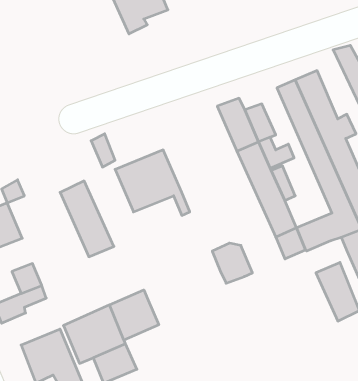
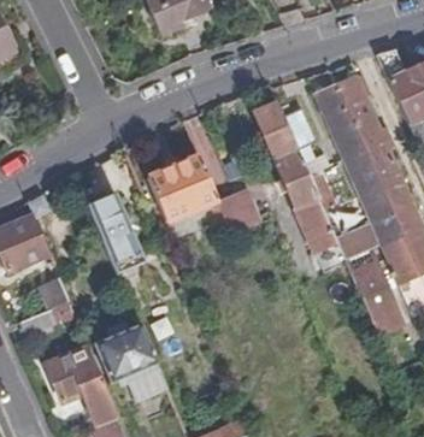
building: [212,243,252,283] -> [217,194,259,236]
building: [110,290,159,340] -> none

